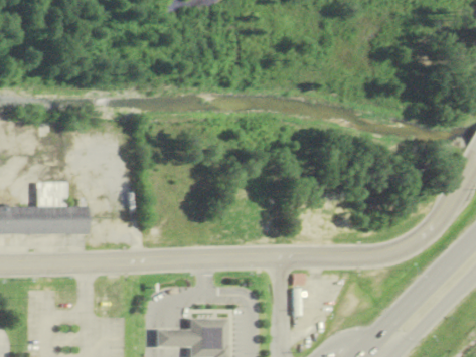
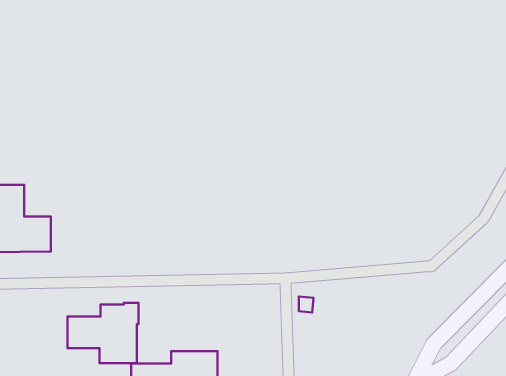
building: none -> [67,303,139,363]

